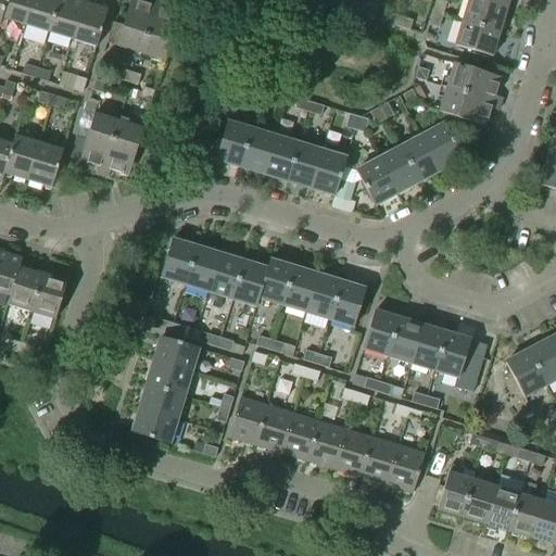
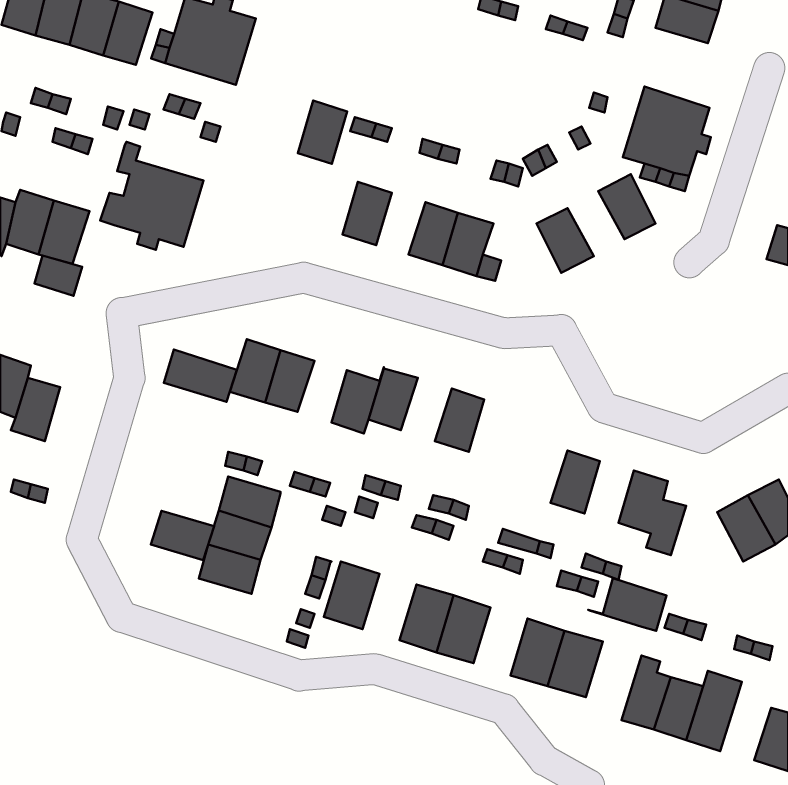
building: [454,20,498,54] -> none
building: [217,121,252,165] -> [298,101,347,164]
building: [400,135,440,180] -> none
building: [265,136,300,179] -> none
building: [355,157,395,204] -> none
building: none -> [34,256,82,296]
building: none -> [164,349,237,402]
building: [210,254,244,298] -> none
building: [282,266,318,311] -> none
building: [31,273,67,318] -> none
building: [330,281,365,325] -> none
building: [364,309,400,354] -> none
building: [412,325,446,368] -> none
building: [255,404,293,451] -> none
building: none -> [588,578,666,631]
building: [132,407,177,442] -> [151,511,214,560]
building: [333,428,371,476] -> none
building: [507,480,543,535] -> none

